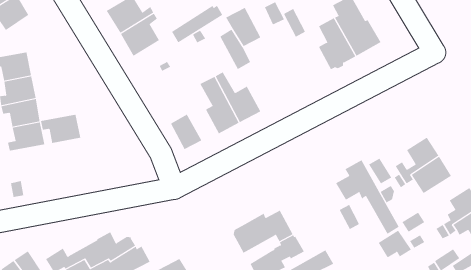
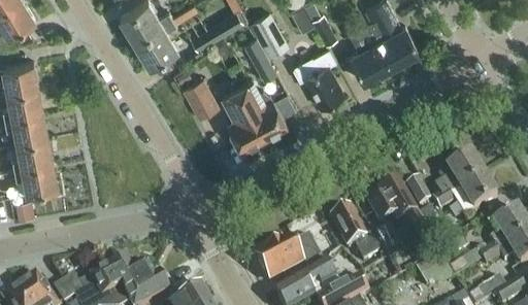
building: none -> [294,52,344,110]
building: [170,114,202,150] -> [185,80,220,120]
building: [40,114,81,143] -> [14,165,59,197]
building: none -> [332,210,380,264]

